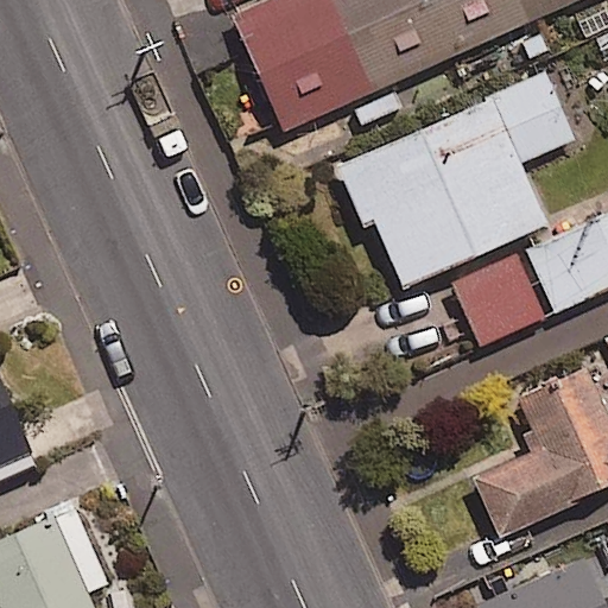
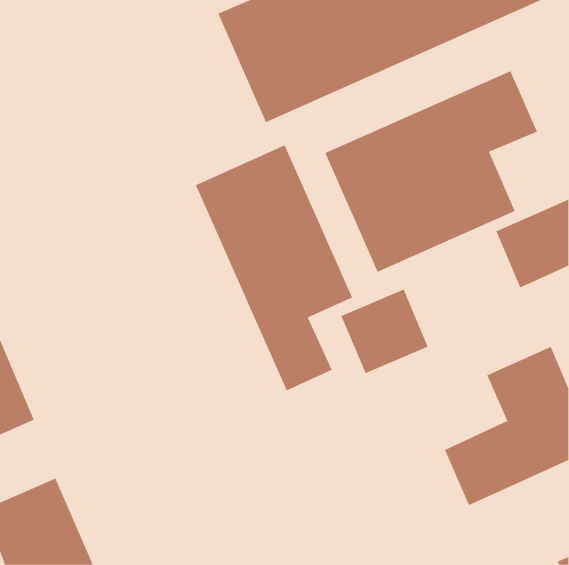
building: none -> [195,144,353,391]
building: [452,251,546,341] -> [340,289,429,374]

